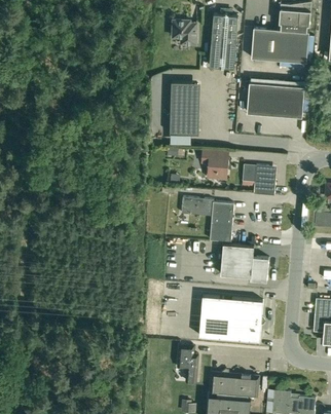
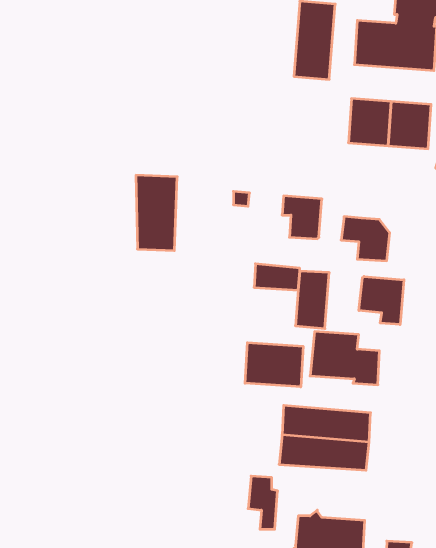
building: [172,22,195,46] -> none
building: [169,82,197,135] -> [136,175,177,251]
building: none -> [359,276,404,325]
building: none -> [245,343,303,387]

